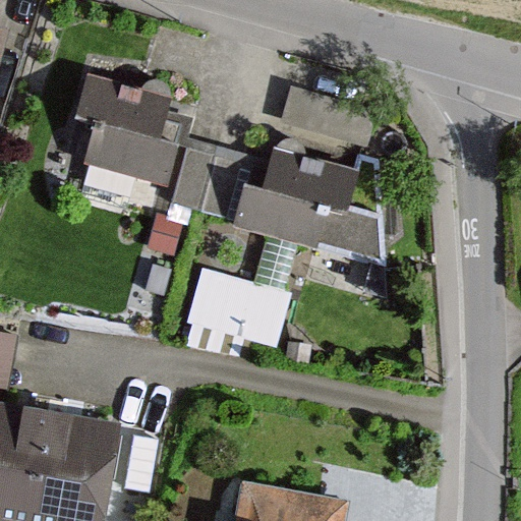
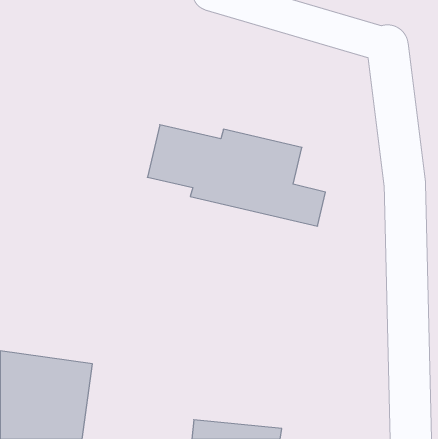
building: [68,80,175,193] -> none
building: [201,252,302,327] -> none

